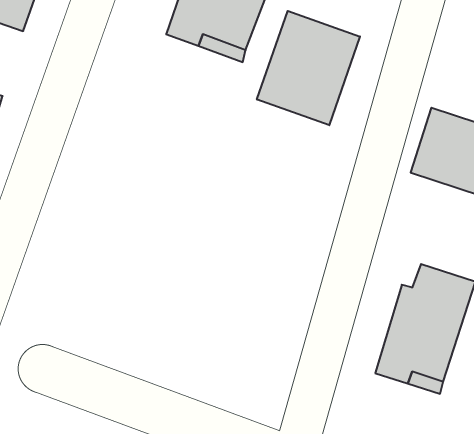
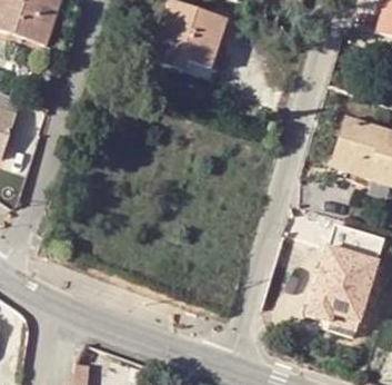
building: [257,11,360,125] -> none

